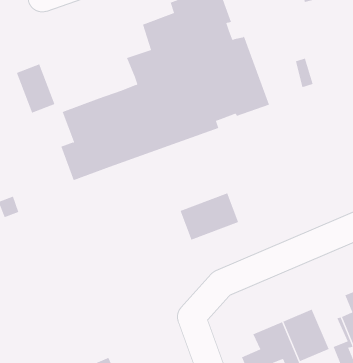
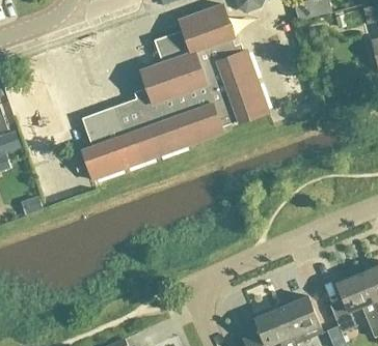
building: [16,63,55,114] -> none
building: [180,192,239,241] -> none

